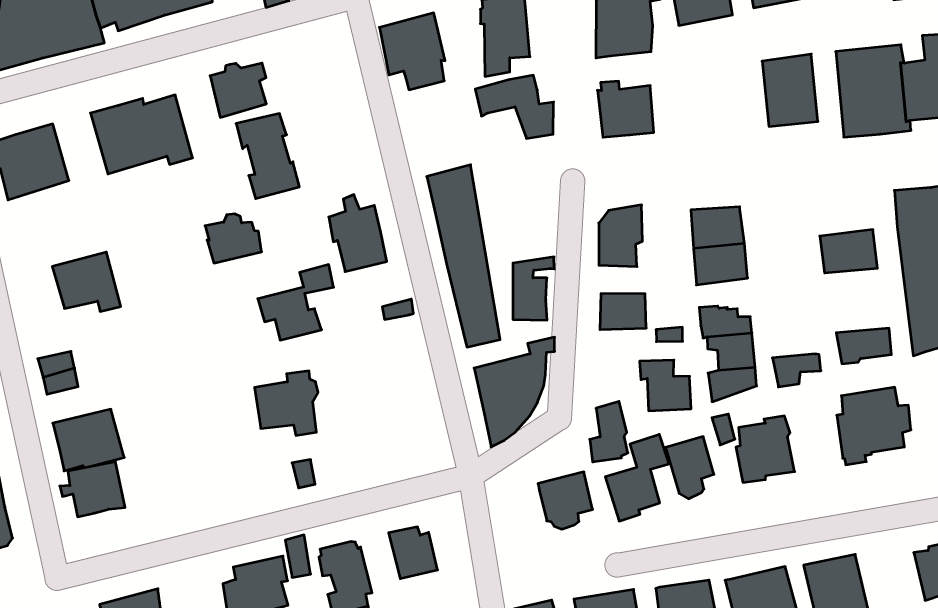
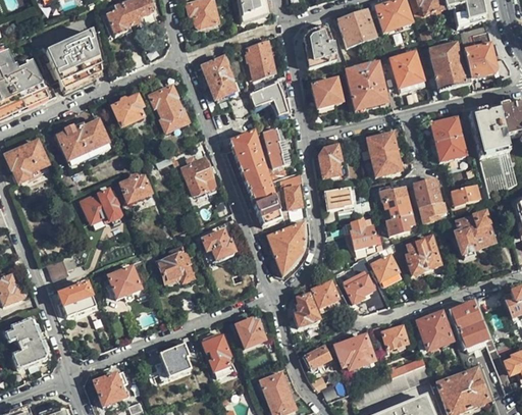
building: none -> [346,63,386,109]
building: [236,114,299,199] -> [151,86,188,131]
building: none -> [262,125,290,166]
building: none -> [430,116,461,143]
building: [52,252,121,311] -> [83,188,120,219]
building: [258,265,334,340] -> [202,216,240,258]
building: none -> [414,178,440,208]
building: [590,401,628,462] -> [298,292,318,324]
building: [60,462,125,517] -> [106,265,141,296]

